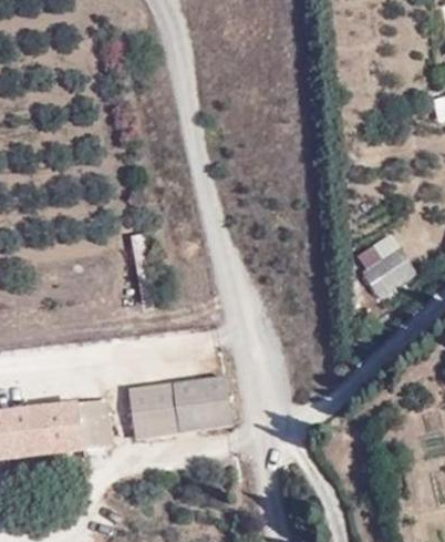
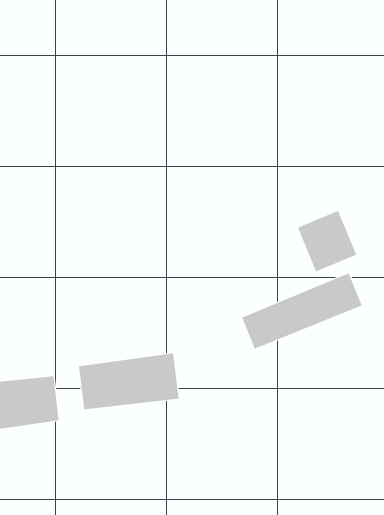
building: none -> [242,272,363,349]

